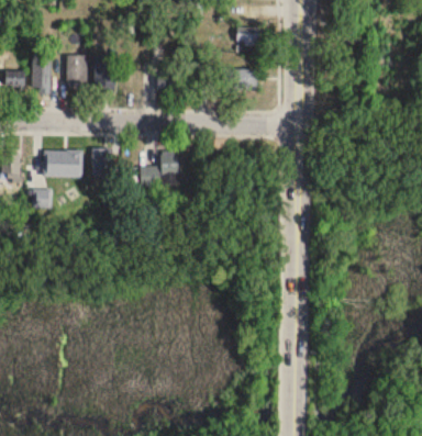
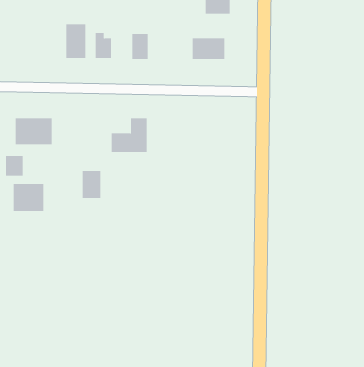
building: [33,54,51,94] -> none
building: [67,56,87,89] -> none
building: [92,148,112,177] -> [82,170,101,198]
building: none -> [13,183,44,212]

